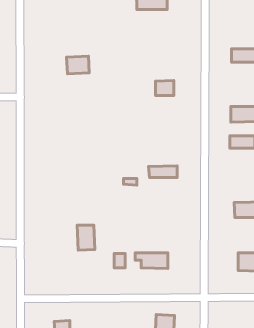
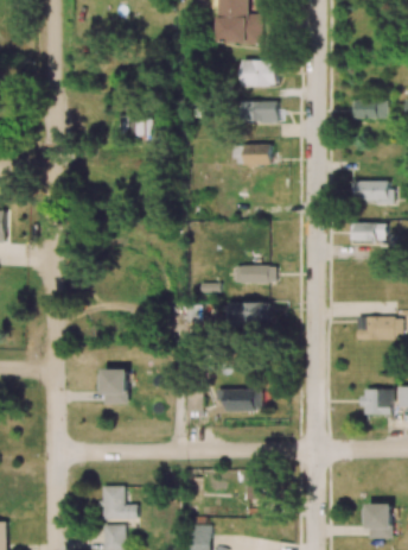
building: none -> [242,61,276,87]
building: none -> [243,101,278,124]
building: none -> [228,303,269,323]
building: [77,225,95,250] -> [103,369,128,405]

